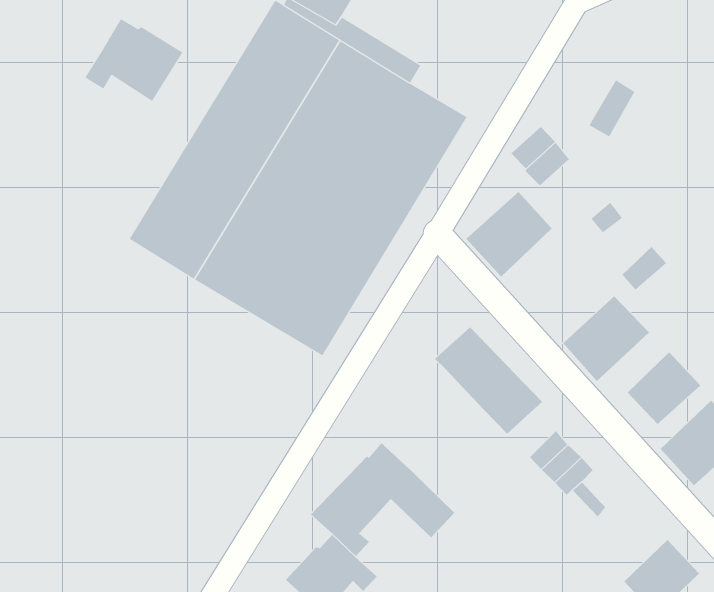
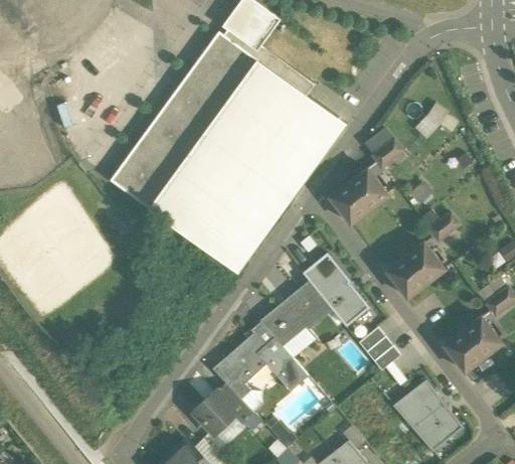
building: [84,18,183,102] -> none
building: [627,352,701,425] -> none
building: none -> [260,281,332,346]
building: none -> [394,381,445,430]

